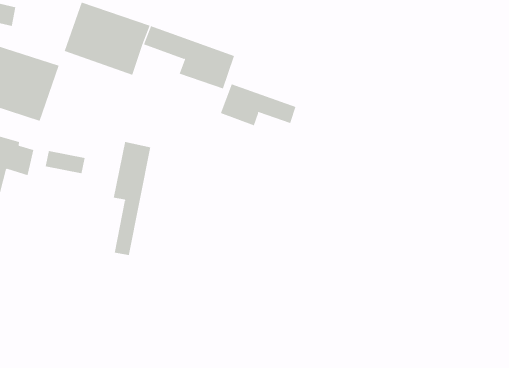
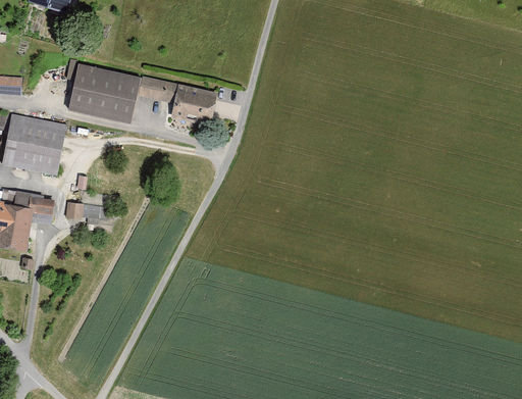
building: [220,83,296,126] -> none
building: [113,141,151,256] -> none

